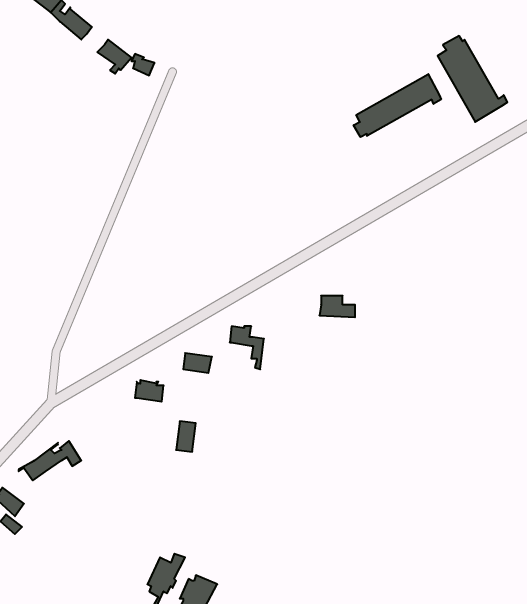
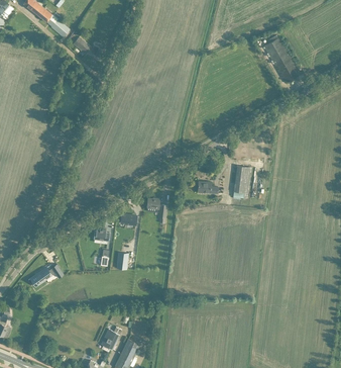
building: [354,74,441,137] -> none
building: none -> [233,165,250,198]

